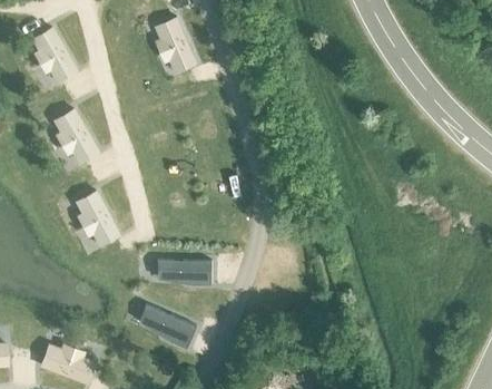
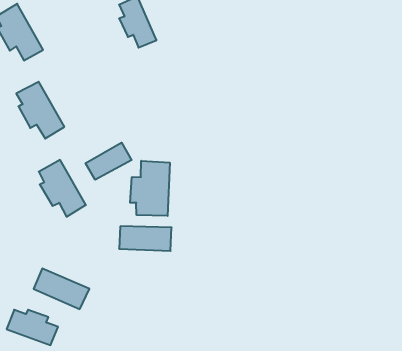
building: none -> [86,143,132,180]
building: none -> [130,161,170,216]
building: [138,303,196,346] -> [34,268,89,309]

